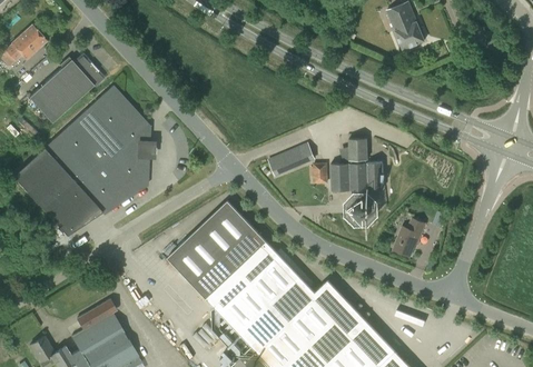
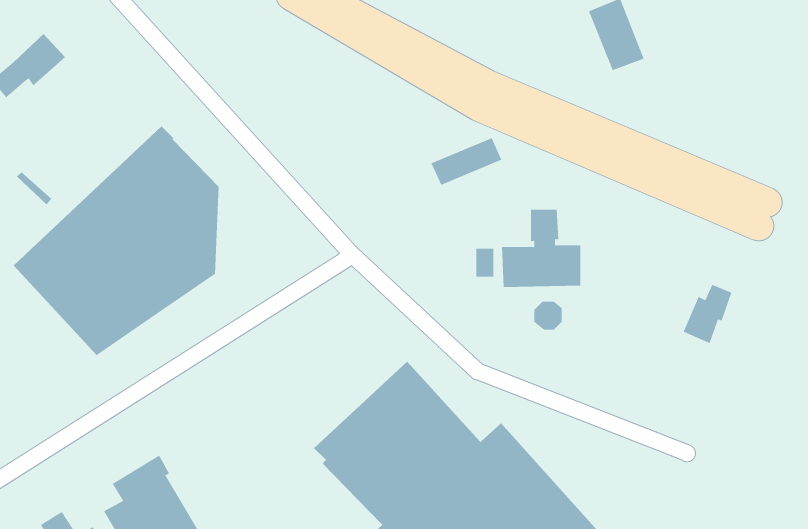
building: [26,57,100,125] -> none
building: [268,145,315,176] -> [431,138,502,185]
building: [170,198,269,296] -> none
building: [393,219,425,258] -> [683,284,732,344]

